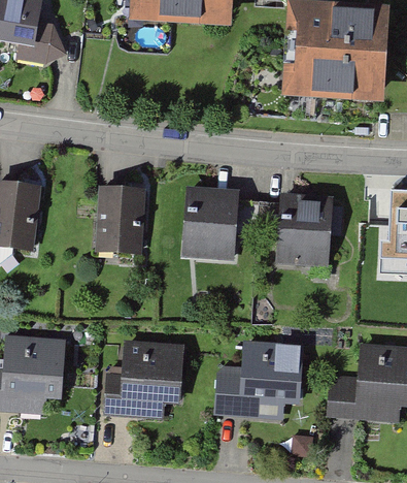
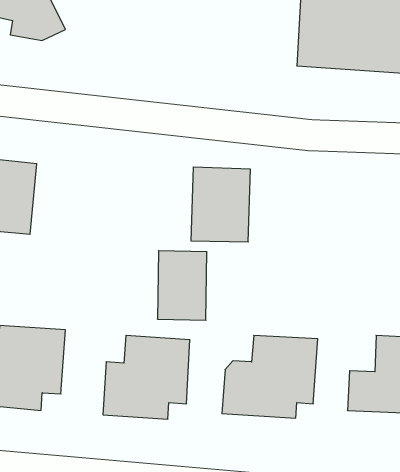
building: [97,186,143,251] -> [157,251,207,320]
building: [276,192,334,265] -> none

